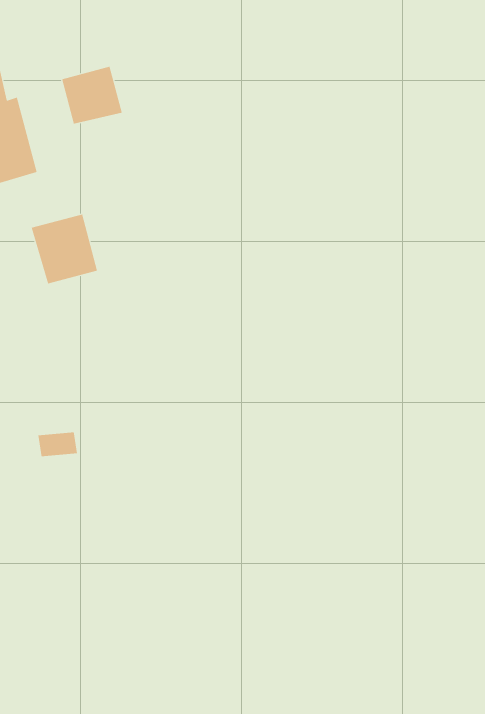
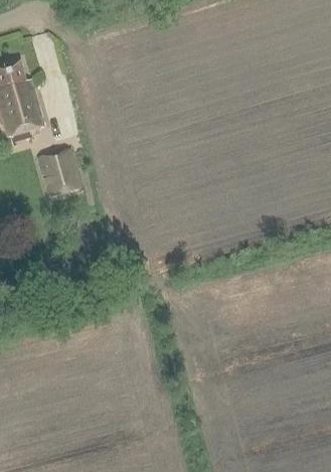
building: [61,66,123,125] -> none

